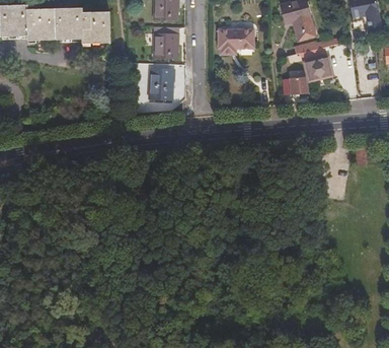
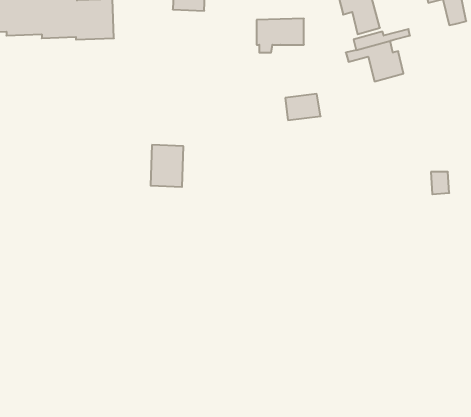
building: [153,26,178,59] -> none
building: [146,69,171,101] -> [151,145,183,187]
building: [281,74,308,94] -> [285,94,321,120]

